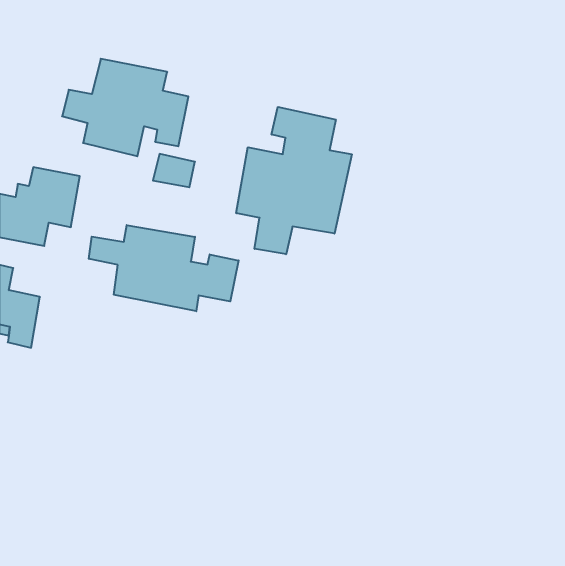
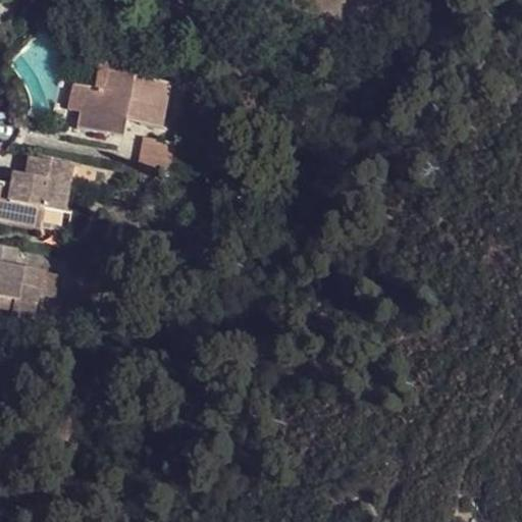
building: [236,107,352,254] -> none
building: [89,225,239,311] -> none

